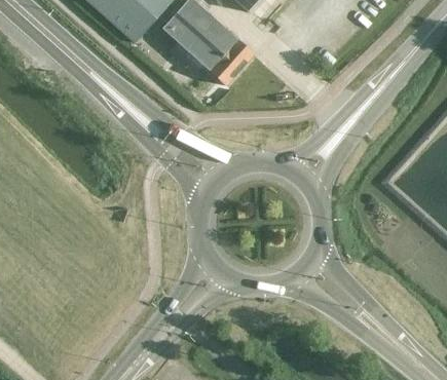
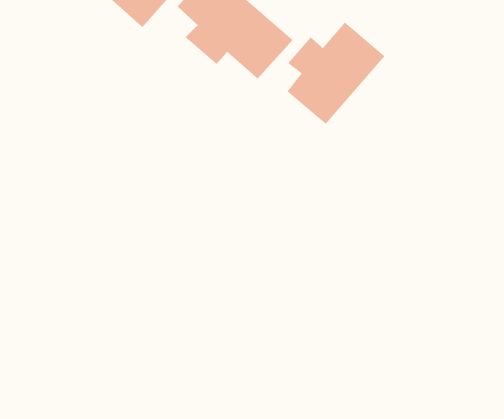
building: none -> [286,22,386,125]

